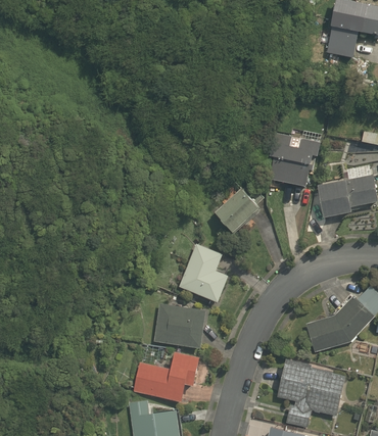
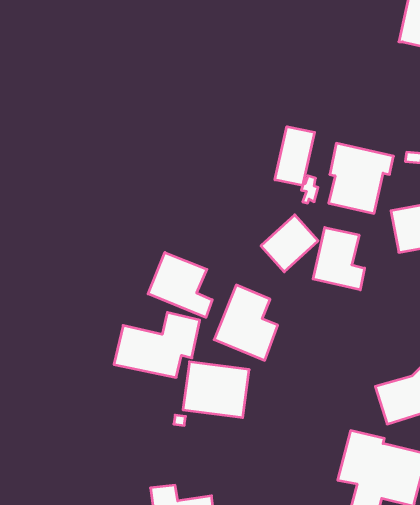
building: none -> [275,127,315,186]
building: none -> [313,227,365,290]
building: none -> [148,252,212,317]
building: [133,350,200,401] -> [114,312,200,377]

